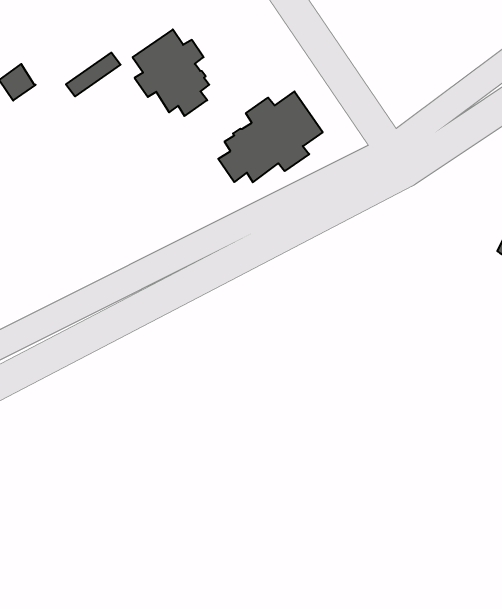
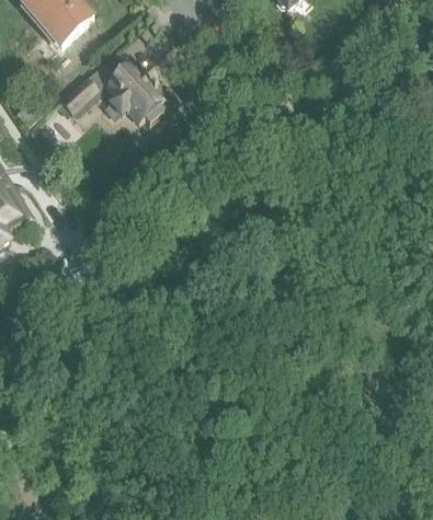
building: [218,91,323,182] -> none

